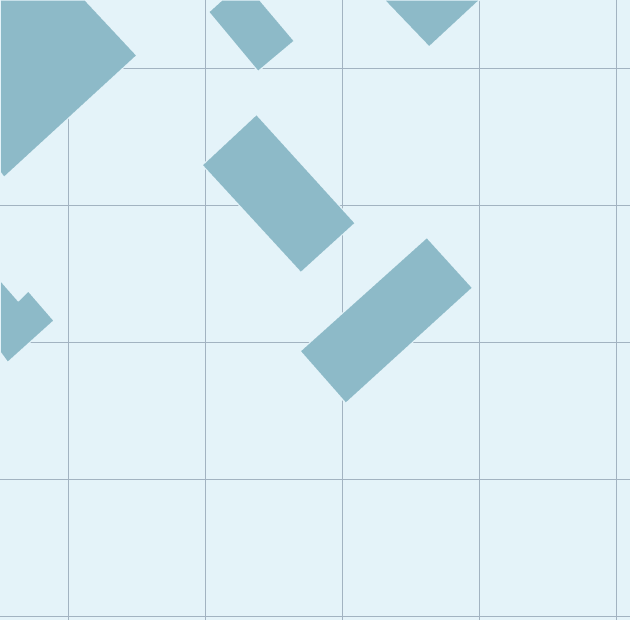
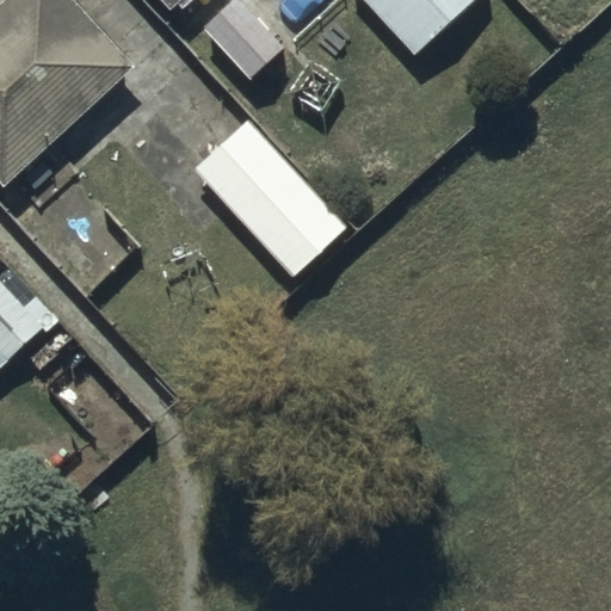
building: [300,237,473,403] -> none

